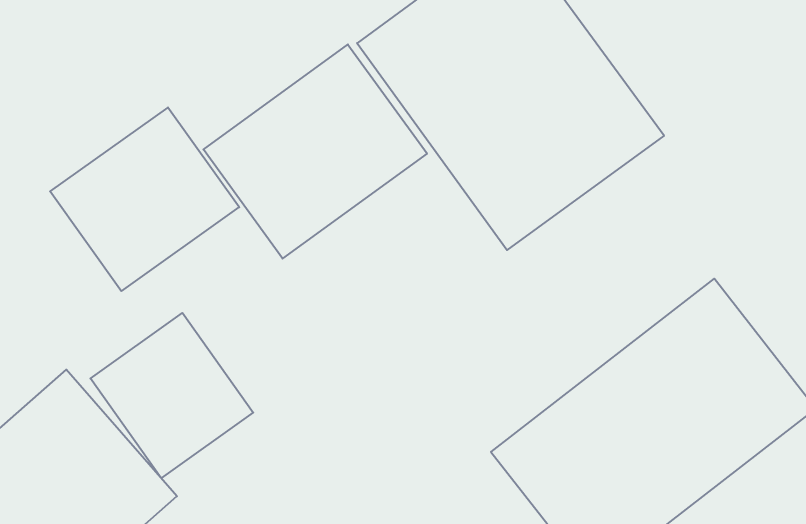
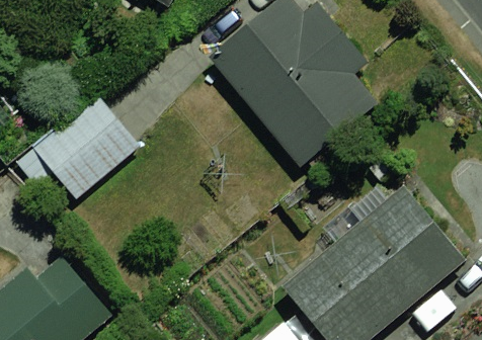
building: [203,44,427,259] -> none
building: [90,313,253,478] -> none

